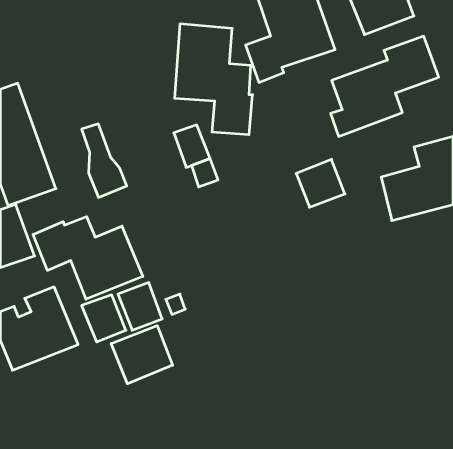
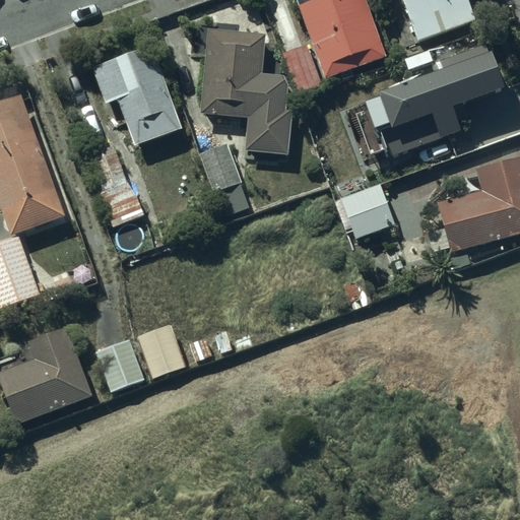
building: none -> [90,46,183,146]
building: [33,217,143,299] -> none
building: [111,326,173,384] -> none

